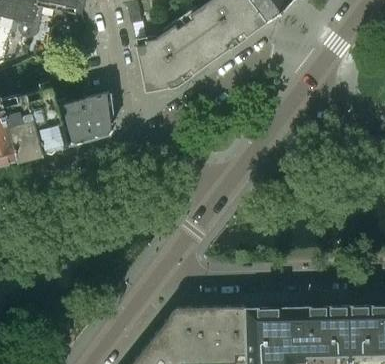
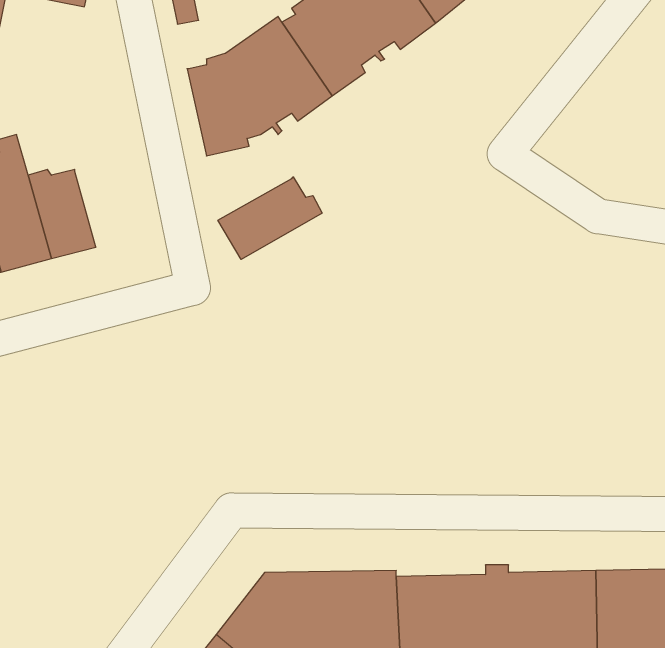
building: [78,92,114,139] -> none
building: none -> [218,177,322,259]

